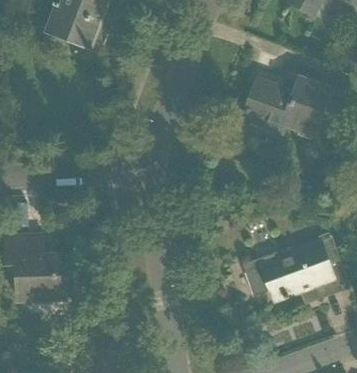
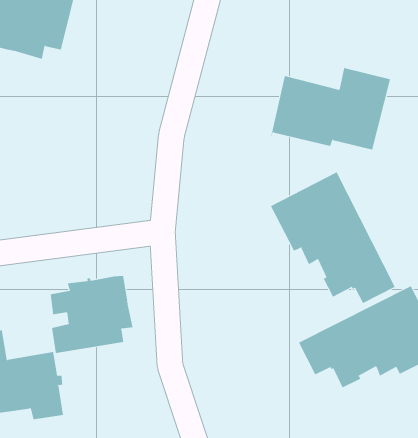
building: none -> [270,171,396,304]
building: none -> [50,275,133,354]

